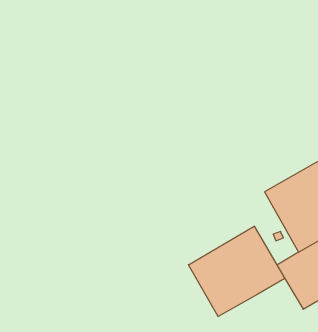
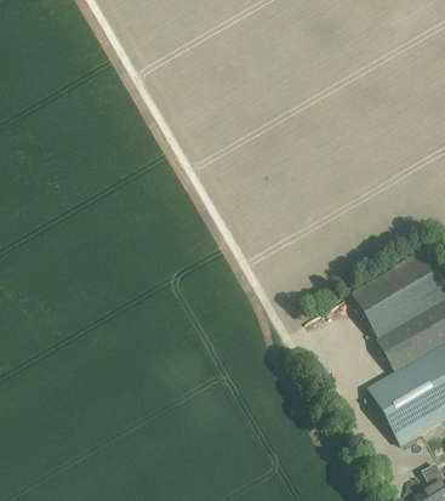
building: [188,226,285,317] -> none

